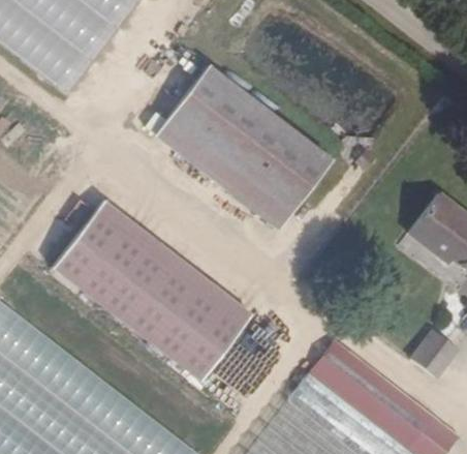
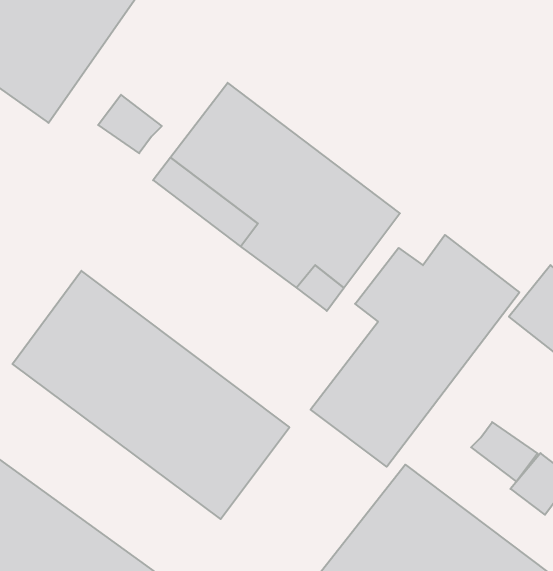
building: none -> [98,95,162,153]
building: none -> [311,235,519,467]
building: none -> [471,422,538,482]

